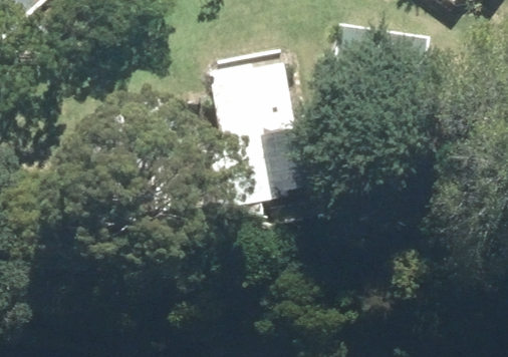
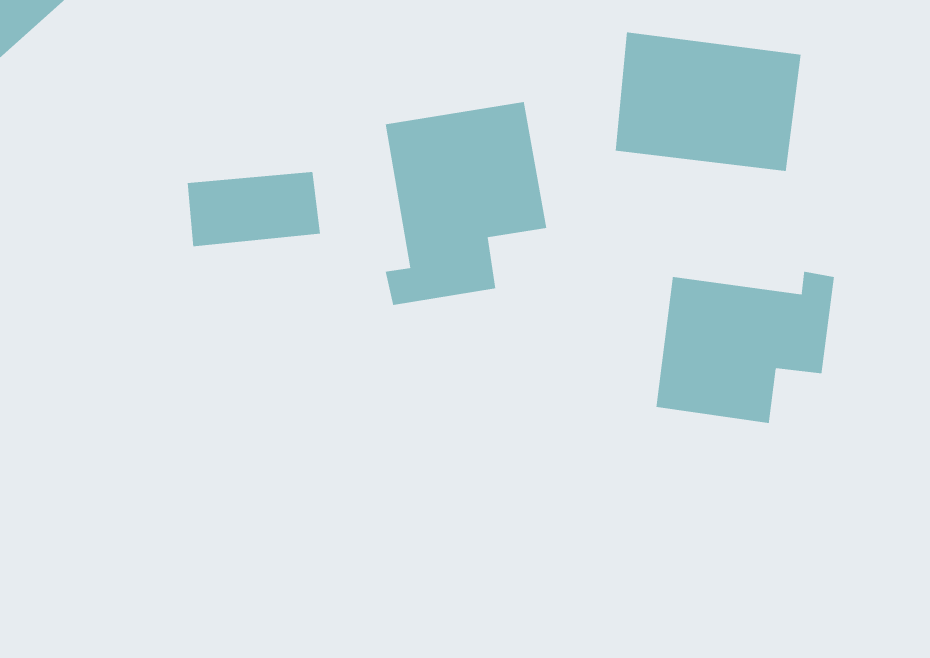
building: none -> [656,271,835,424]

